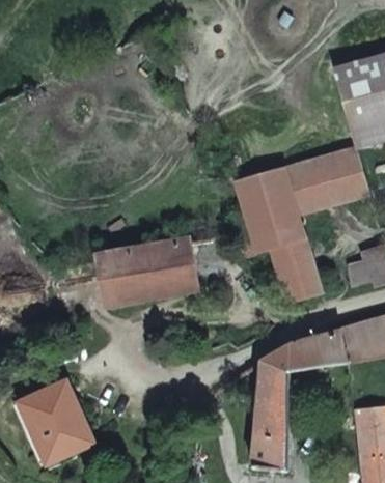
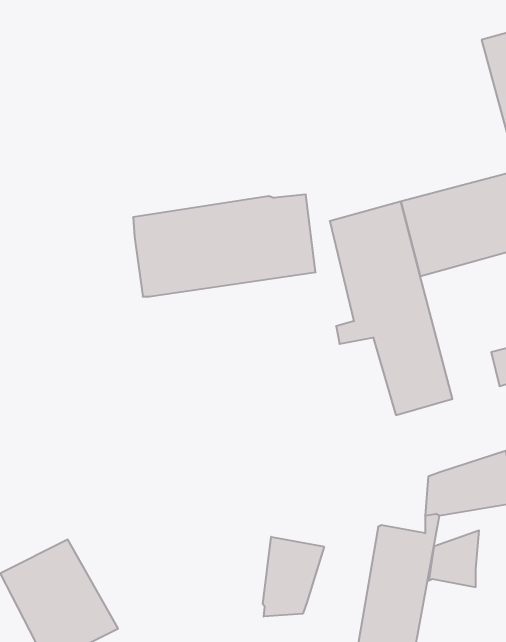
building: [98,236,215,302] -> [133,195,316,297]
building: [265,344,297,380] -> [429,530,479,587]
building: none -> [263,537,324,617]

